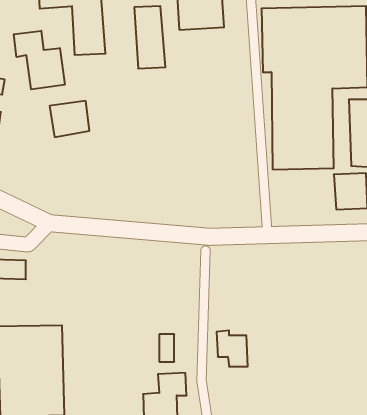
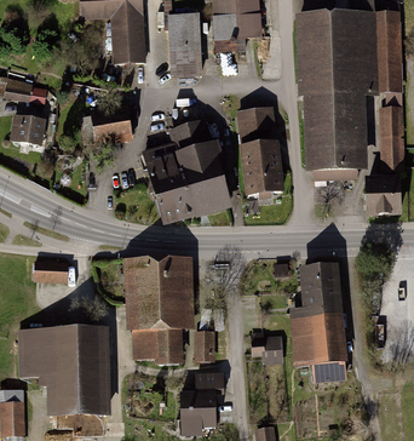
building: [14,31,65,89] -> none
building: none -> [238,107,282,194]
building: none -> [144,120,229,222]
building: none -> [125,256,189,363]
building: none -> [291,267,347,386]

